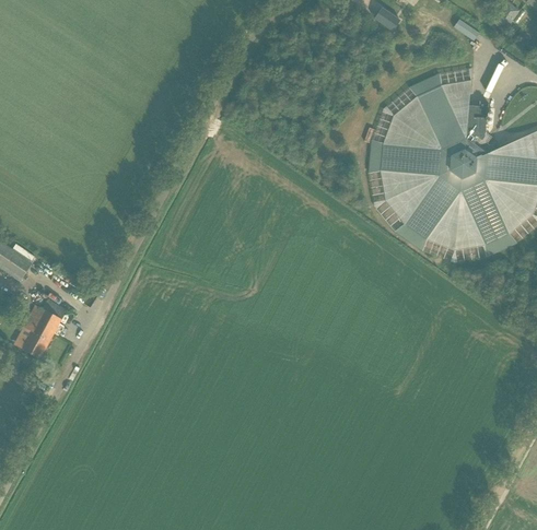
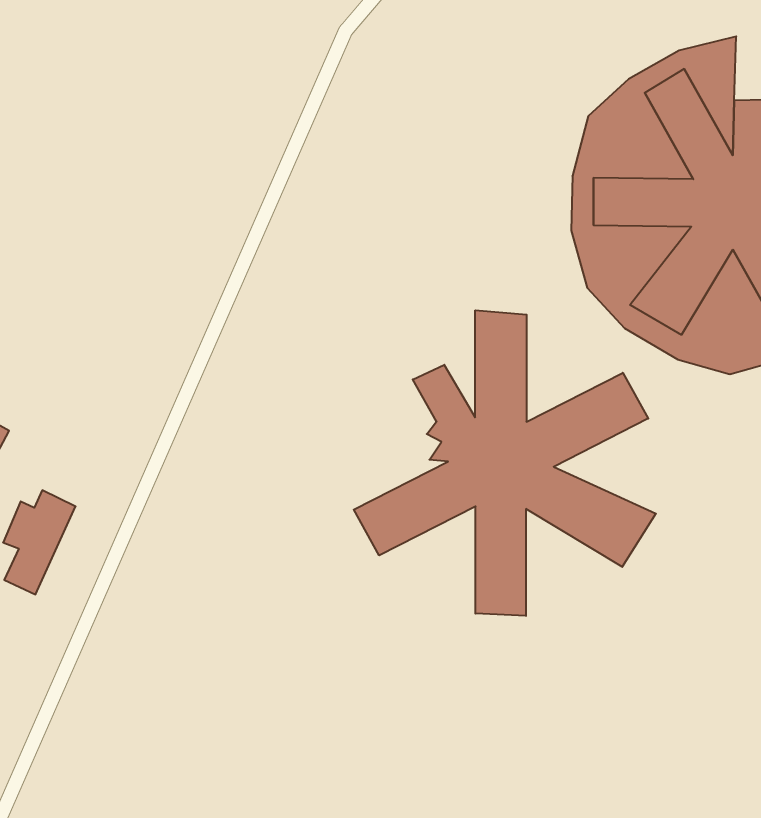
building: none -> [354,310,656,616]

